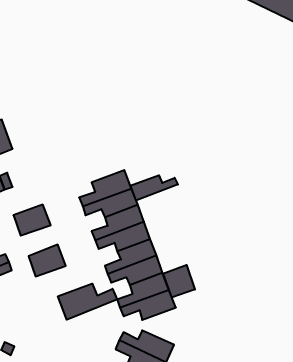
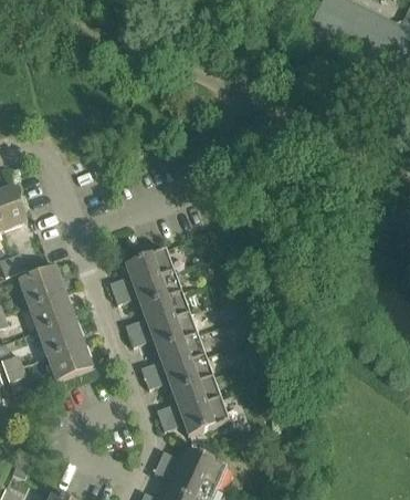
building: [131,175,178,201] -> none
building: none -> [18,265,64,304]
building: none -> [36,316,83,355]
building: [163,265,195,298] -> none
building: [58,284,117,320] -> none

